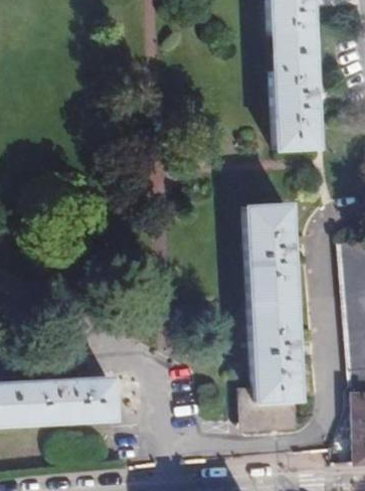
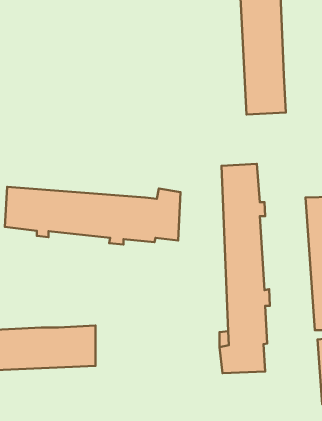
building: none -> [5,187,181,244]

